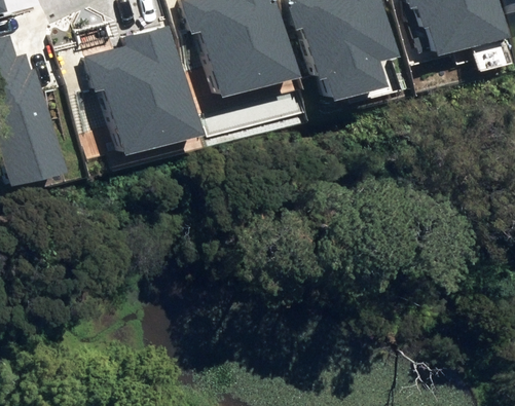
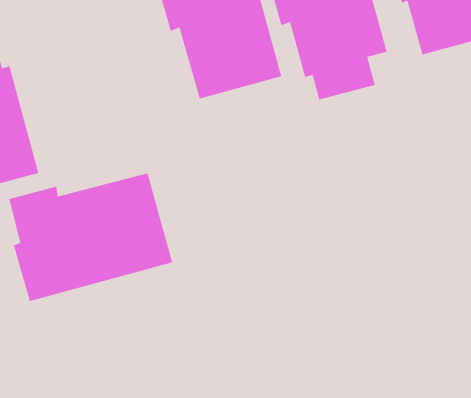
building: [85,27,201,157] -> none
building: none -> [9,172,173,302]

